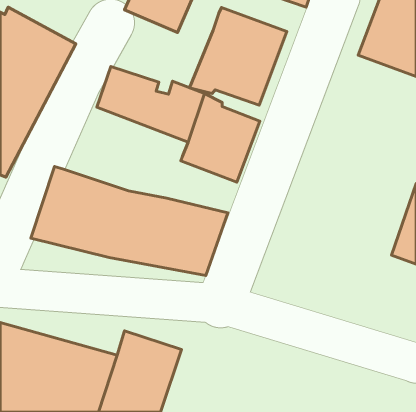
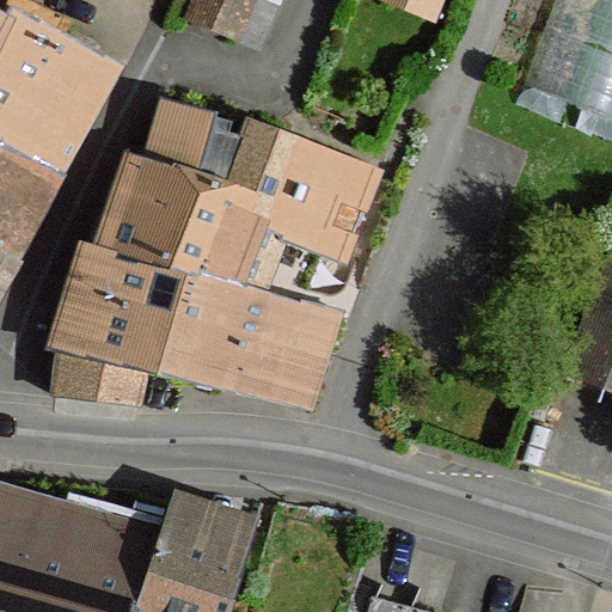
building: [189,7,287,105] -> none
building: none -> [93,153,276,292]

